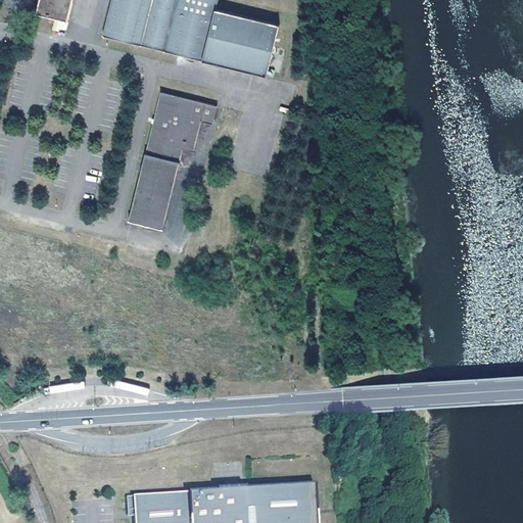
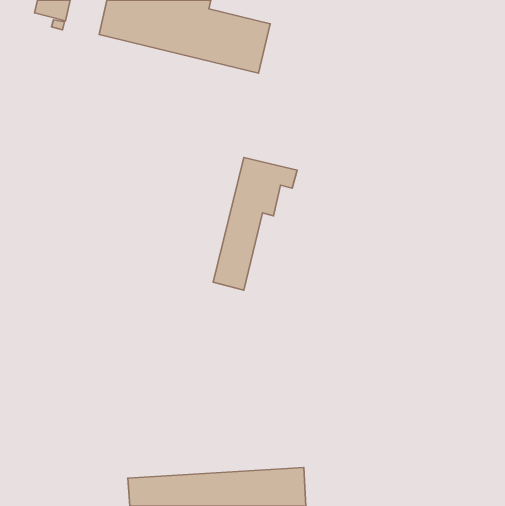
building: [130,92,217,229] -> [213,157,297,290]

